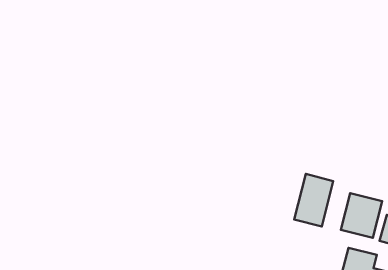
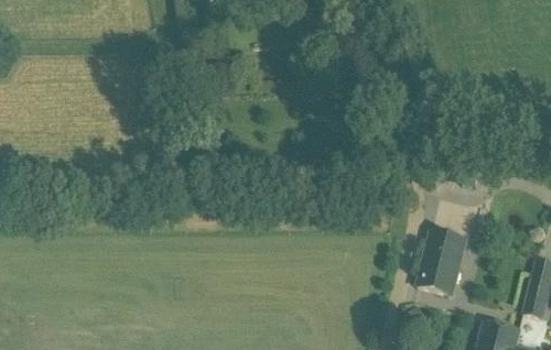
building: [341,193,382,238] -> none

